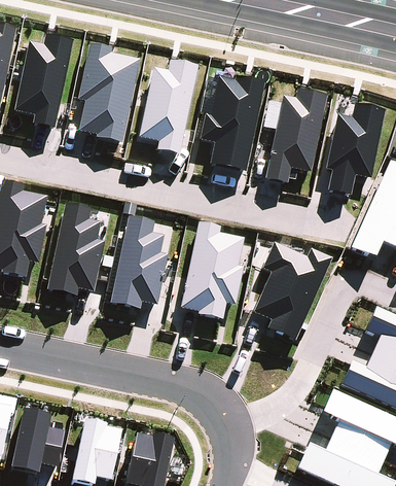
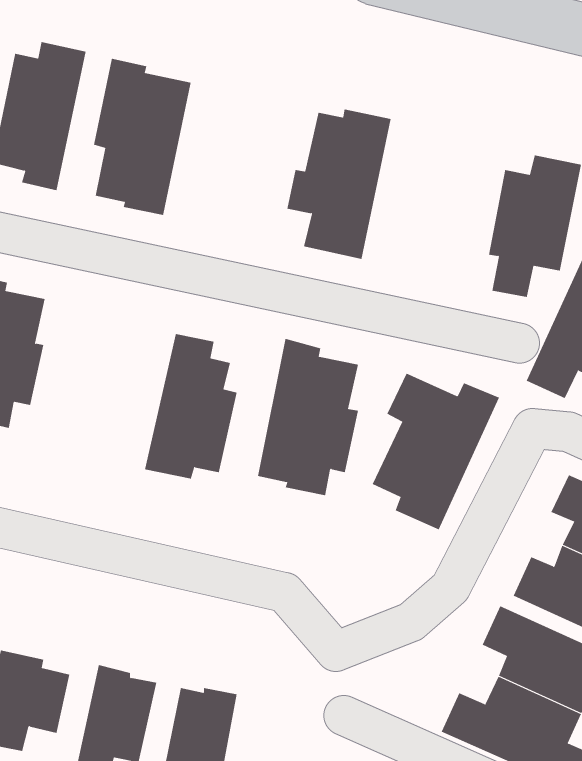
building: [139,59,200,153] -> none
building: [265,88,328,181] -> none
building: [47,202,105,296] -> none

